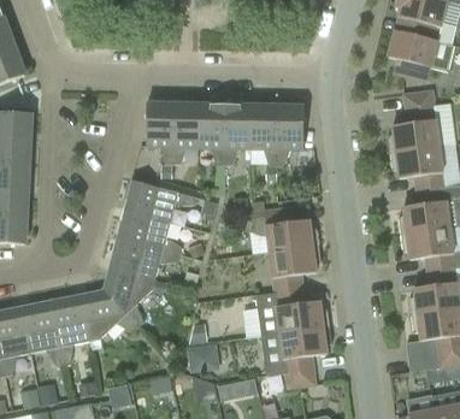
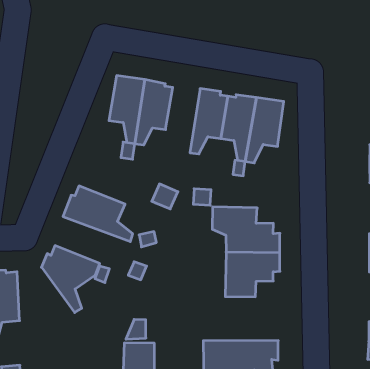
building: [199,104,225,164] -> none
building: [125,178,195,219] -> none
building: [111,238,181,277] -> none
building: [81,288,138,340] -> none
building: [254,288,329,335] -> none

